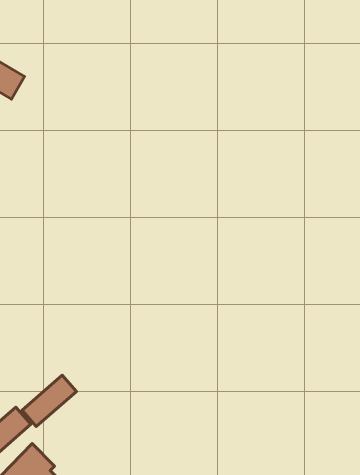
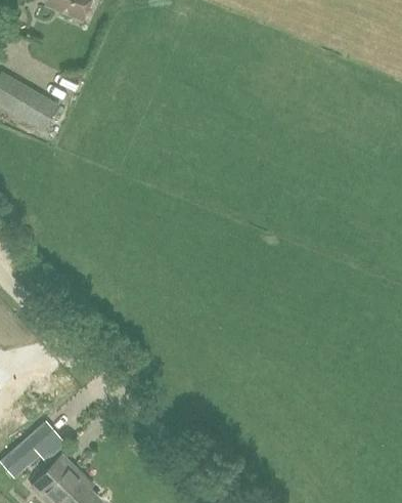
building: [22,375,76,427] -> none

